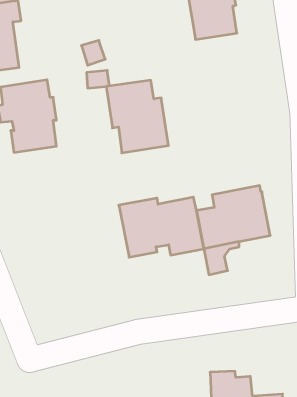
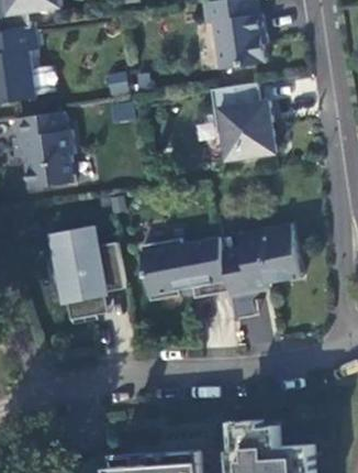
building: [106,80,168,153] -> [210,82,276,160]
building: none -> [55,226,125,319]

